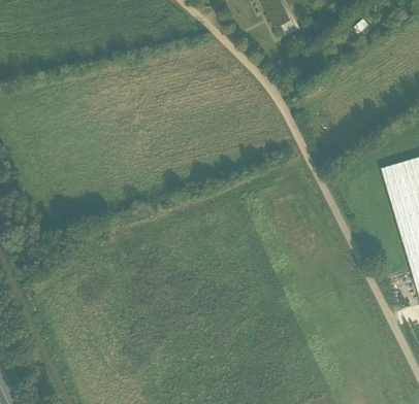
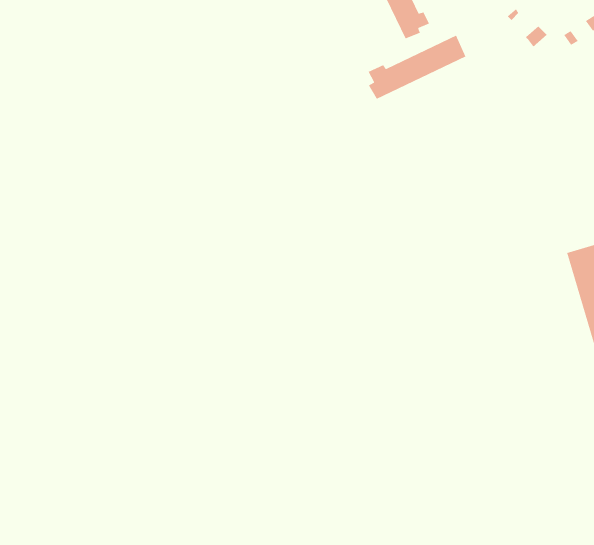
building: none -> [367,34,467,100]

